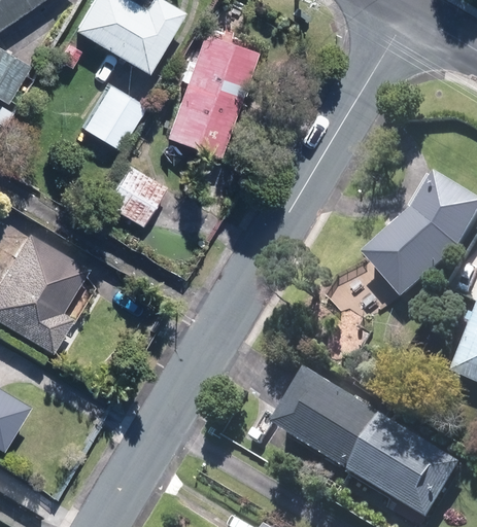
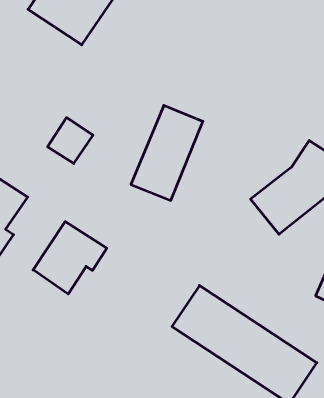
building: [164,35,250,154] -> [131,105,203,200]
building: [84,87,140,146] -> none
building: none -> [33,222,107,294]

